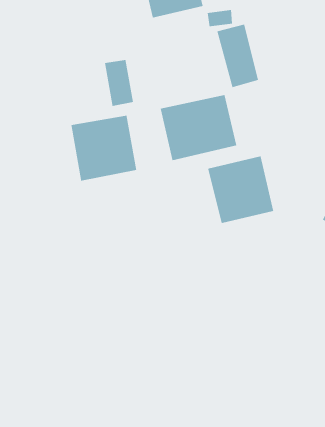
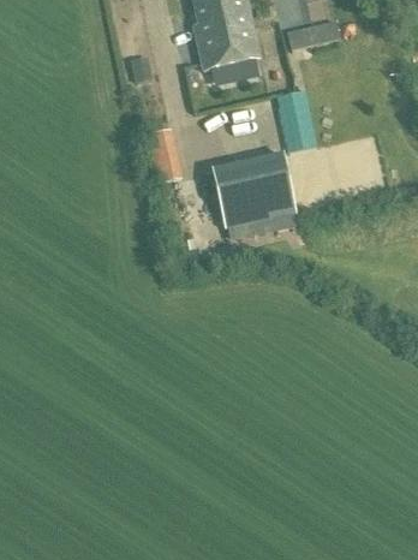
building: [71,115,137,181] -> none
building: [207,156,274,224] -> none

